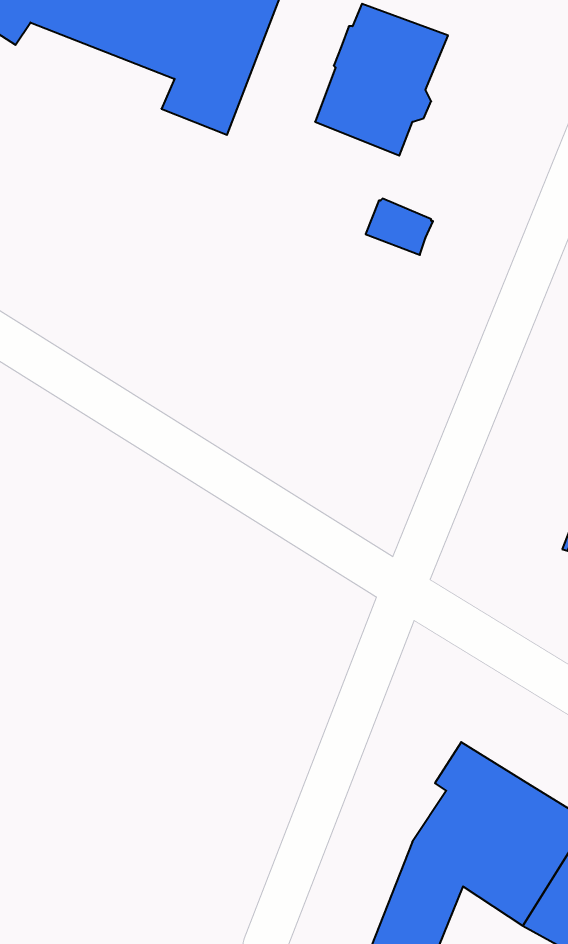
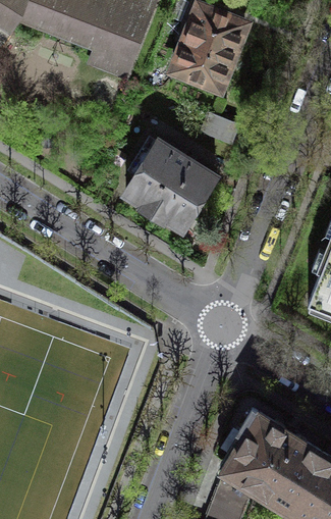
building: none -> [125,140,215,228]

